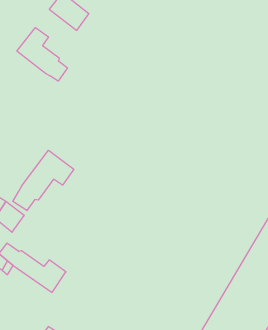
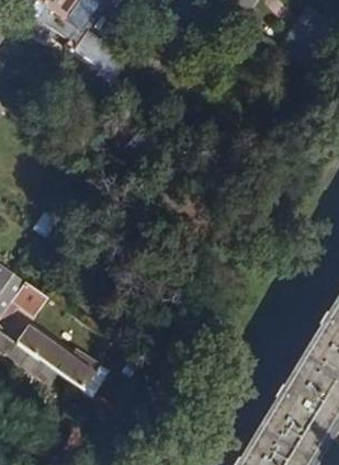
building: [17,28,67,81] -> none
building: [13,150,74,211] -> none

